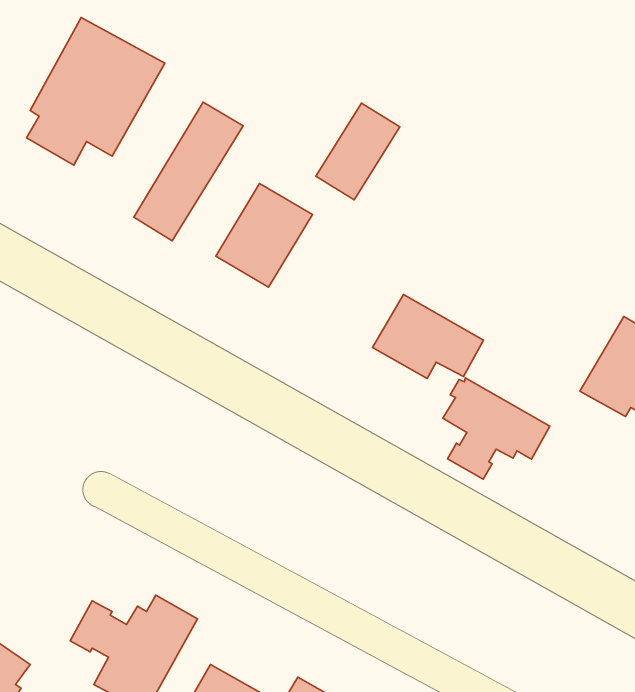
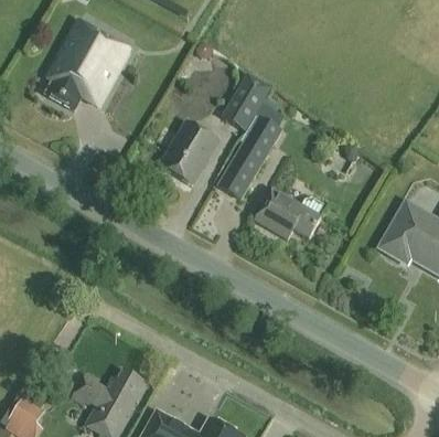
building: [134,102,243,241] -> [216,116,282,200]
building: [443,378,550,479] -> none

